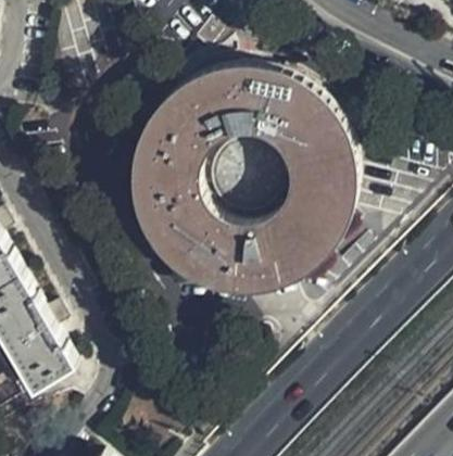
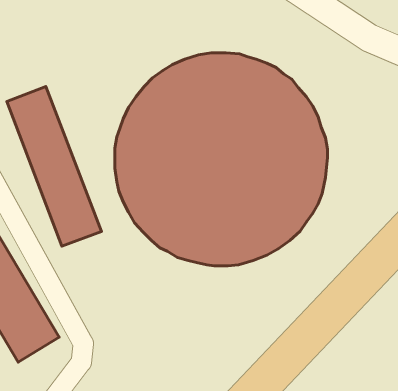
building: none -> [7,87,101,246]

